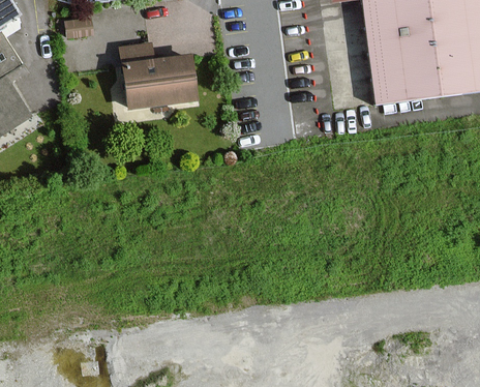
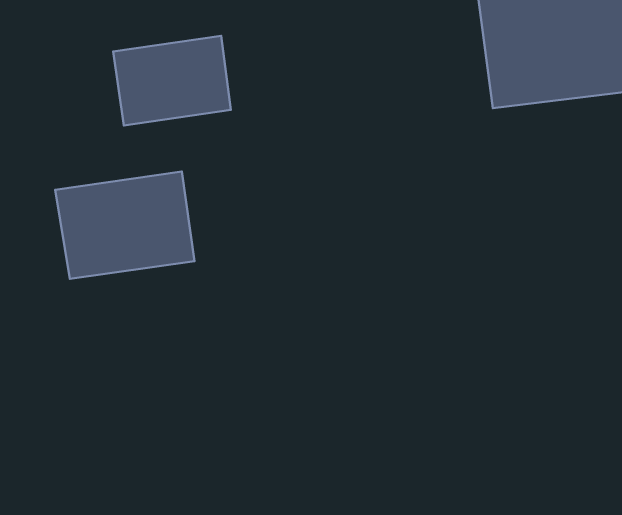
building: none -> [55,171,194,279]

